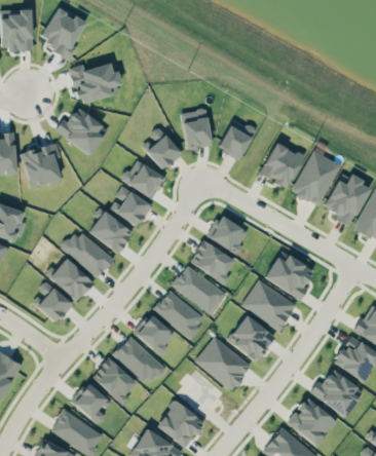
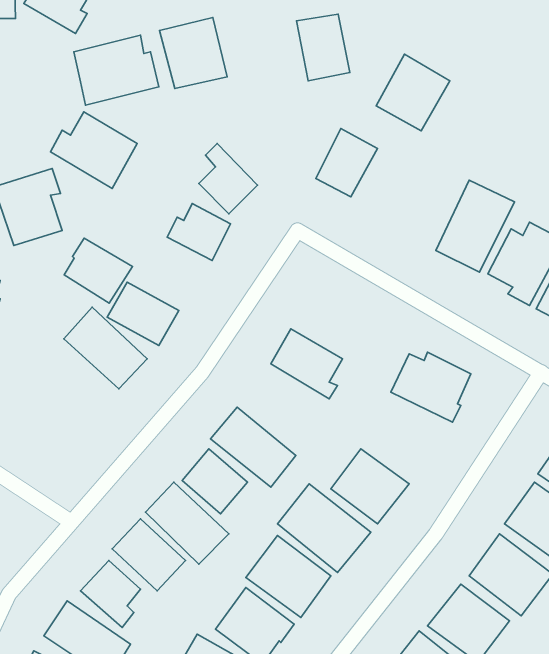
building: none -> [160,17,227,89]
building: [180,109,213,150] -> [297,14,350,81]
building: [259,142,304,189] -> [376,54,450,131]
building: [110,187,152,227] -> [64,238,132,303]
building: [210,217,249,254] -> none
building: [49,259,95,301] -> none
building: [172,265,227,314] -> none
building: [241,279,297,331] -> none
building: [37,281,73,324] -> none

